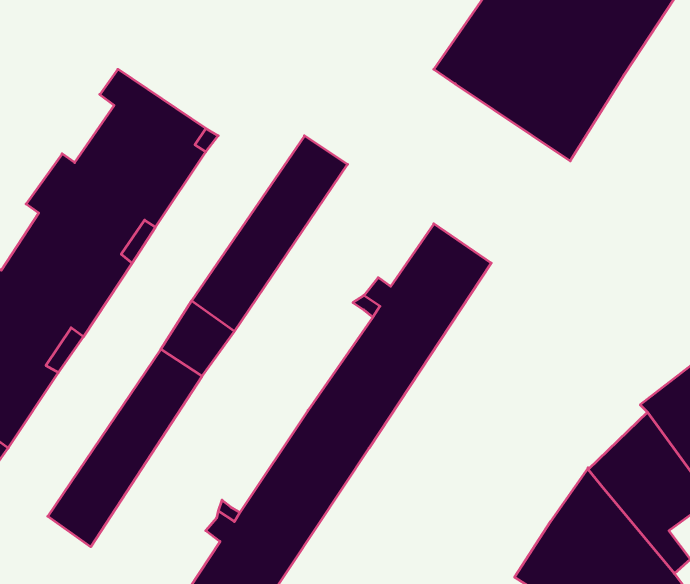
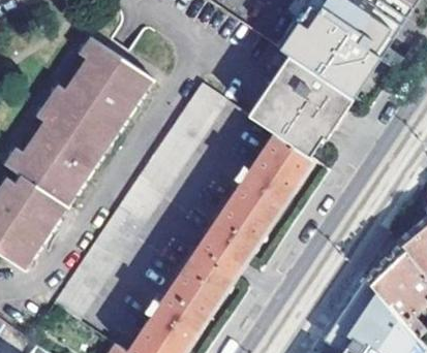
building: none -> [248,53,356,156]

